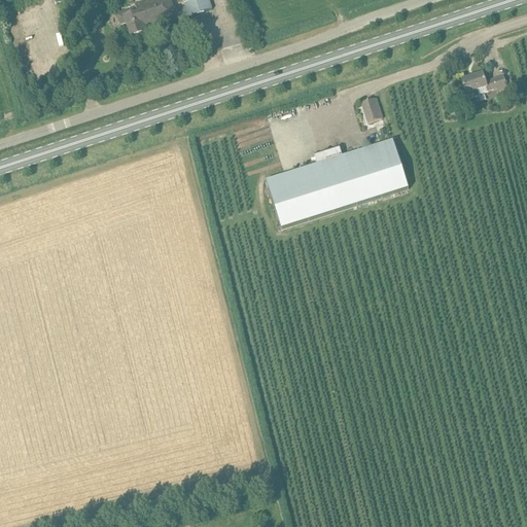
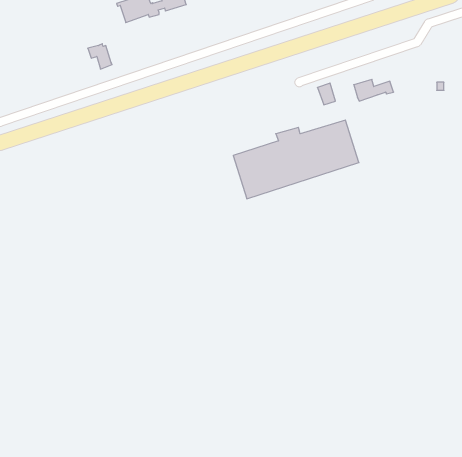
building: [116,4,144,33] -> [88,44,112,69]
building: [462,70,507,95] -> [354,79,394,101]

